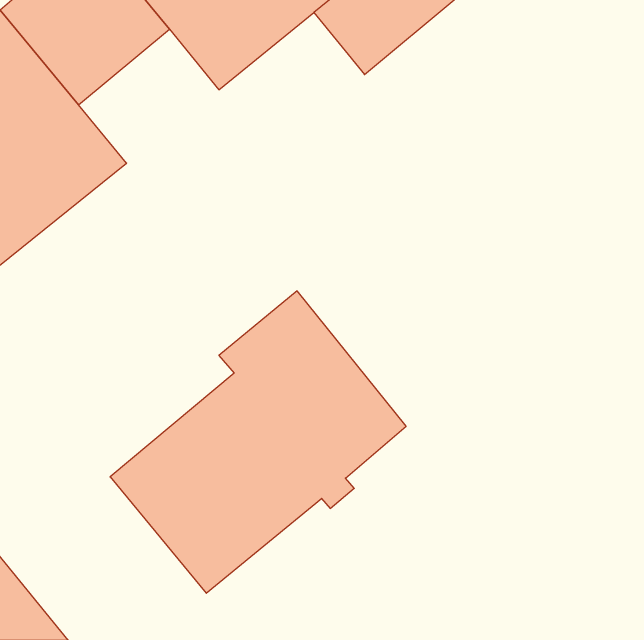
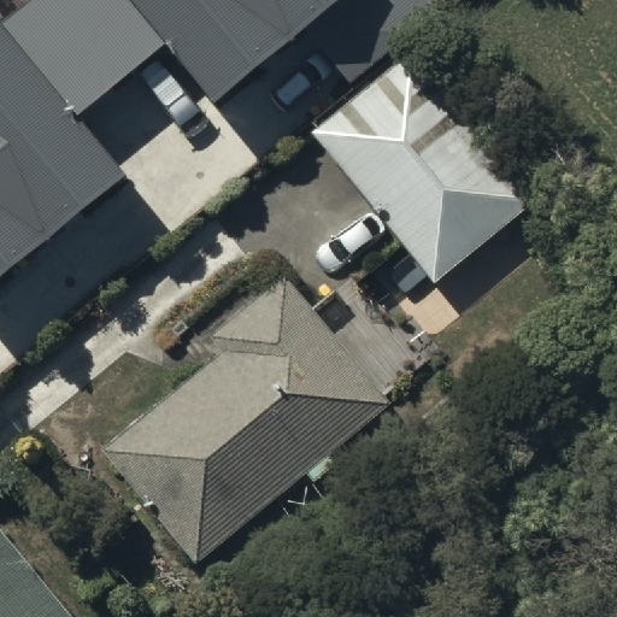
building: none -> [311,52,535,292]

